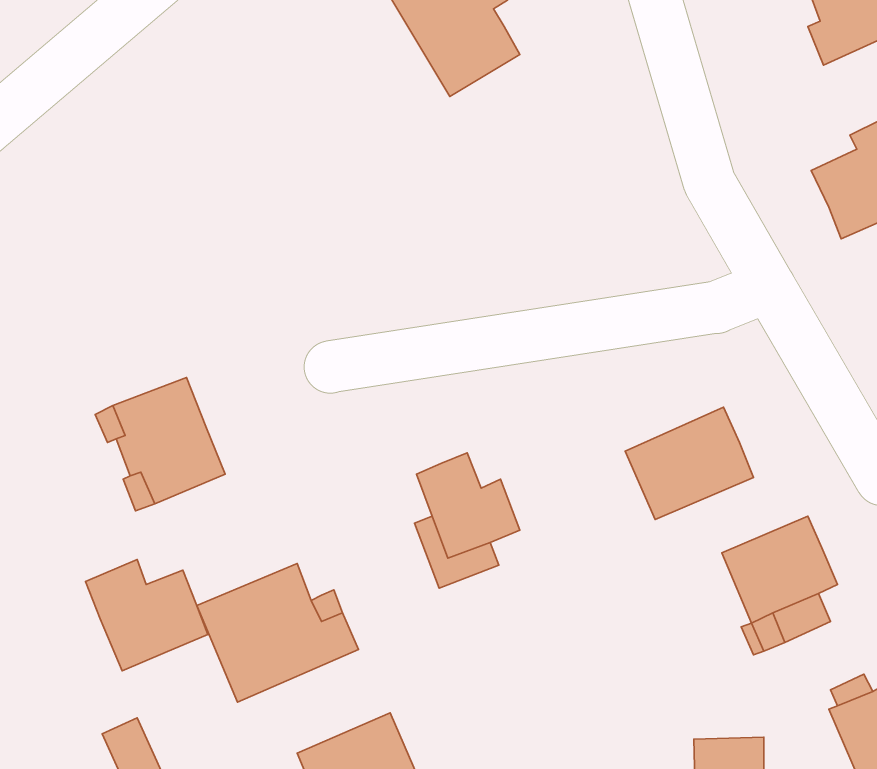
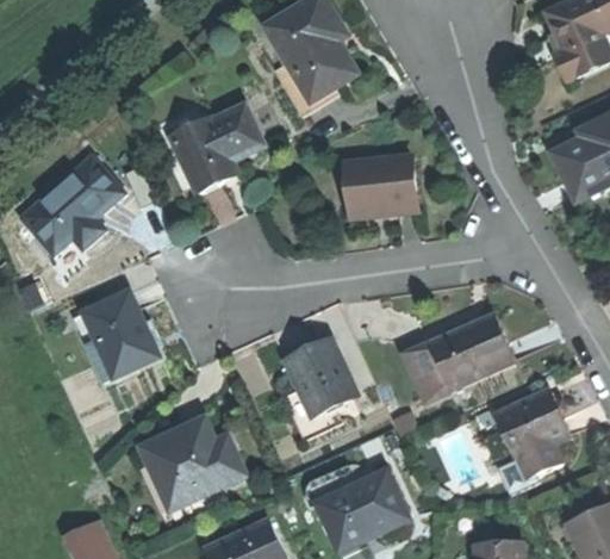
building: none -> [168,107,259,192]
building: none -> [343,154,413,216]
building: none -> [20,156,123,253]
building: none -> [405,342,449,398]
building: [85,559,208,671] -> none
building: none -> [317,474,406,547]

